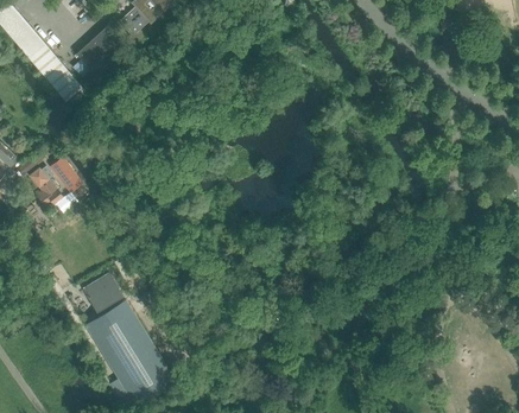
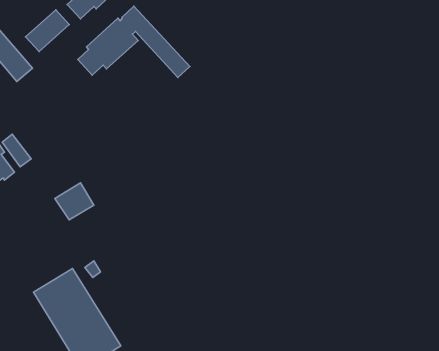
building: none -> [78,6,190,77]
building: [82,273,124,312] -> [55,183,94,220]

